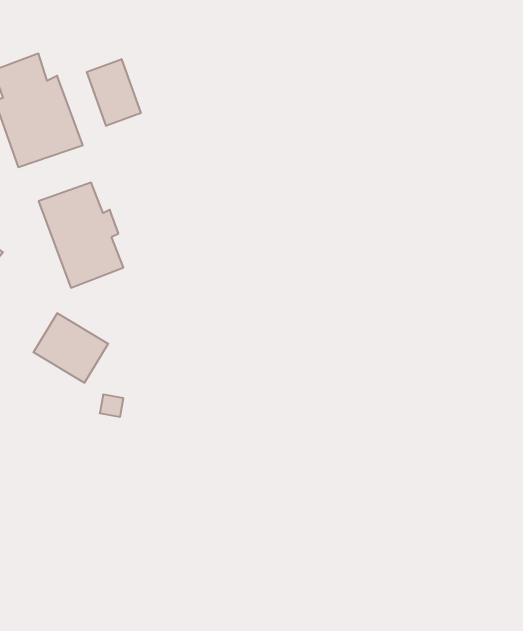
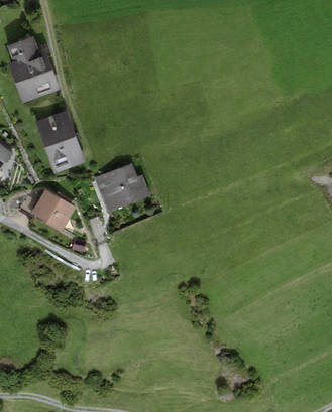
building: [87,59,141,126] -> none
building: none -> [94,164,149,213]

